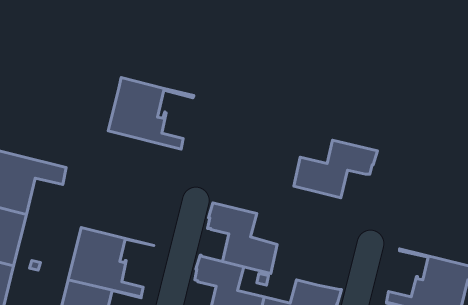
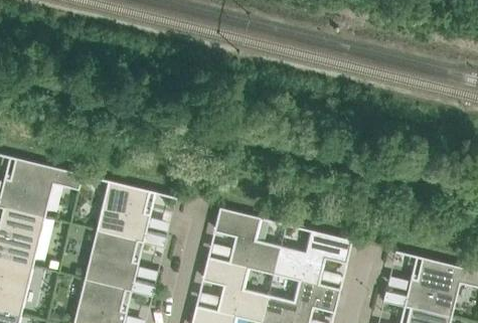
building: [108,77,194,149] -> [96,181,176,249]
building: [294,140,377,198] -> [274,231,352,286]

